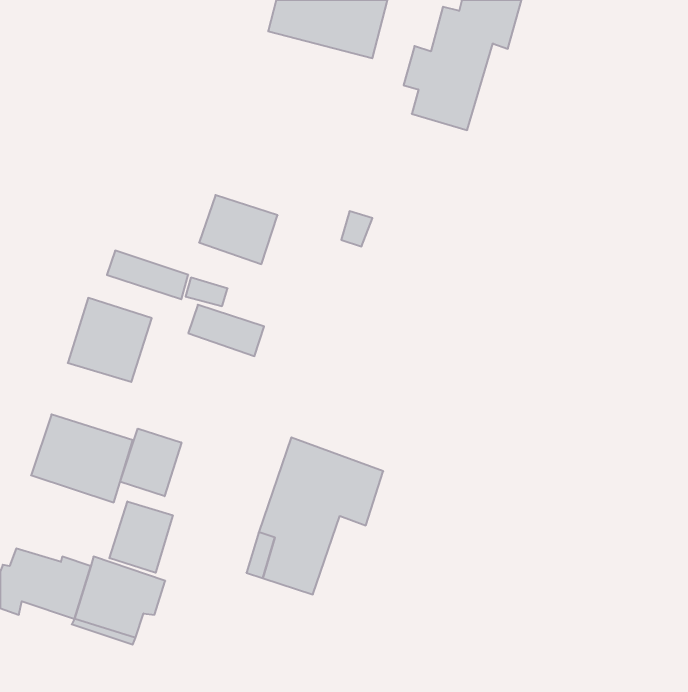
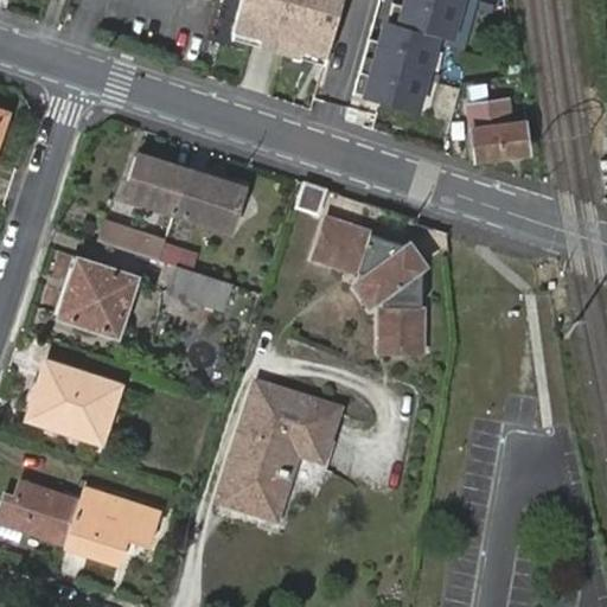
building: none -> [471,98,530,158]
building: none -> [129,154,192,212]
building: none -> [311,221,424,357]
building: [120,429,181,496] -> none
building: [109,501,173,573] -> none

